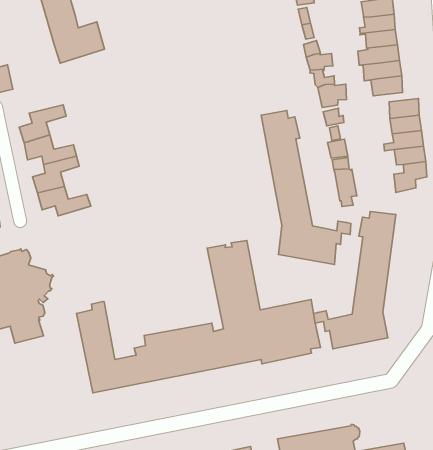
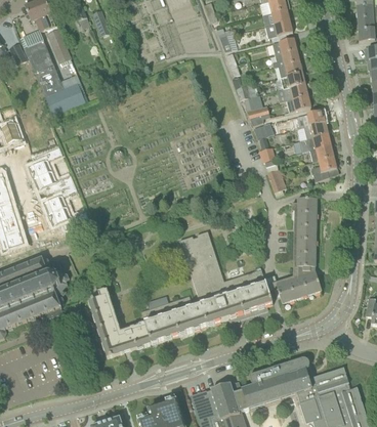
building: [261,110,351,265] -> none

